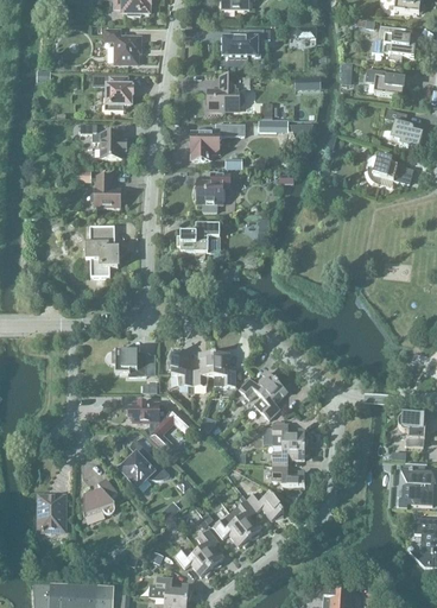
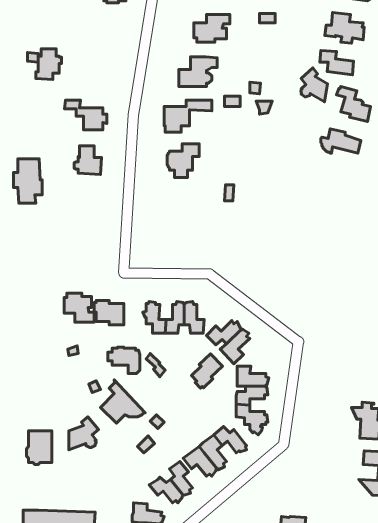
building: [104,28,140,63] -> none
building: [104,76,133,110] -> [36,49,61,79]
building: none -> [301,68,328,102]
building: [177,223,220,258] -> none
building: [86,226,118,276] -> [14,159,42,203]
building: none -> [64,293,94,322]
building: none -> [191,354,222,388]
building: [398,412,426,445] -> none

